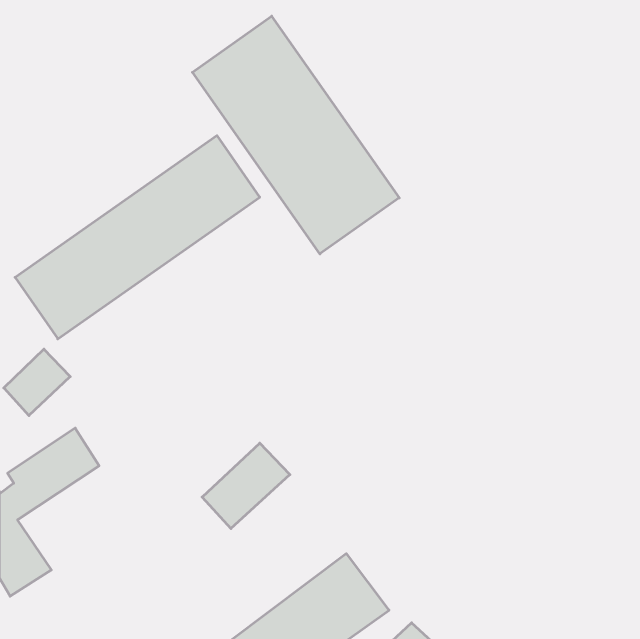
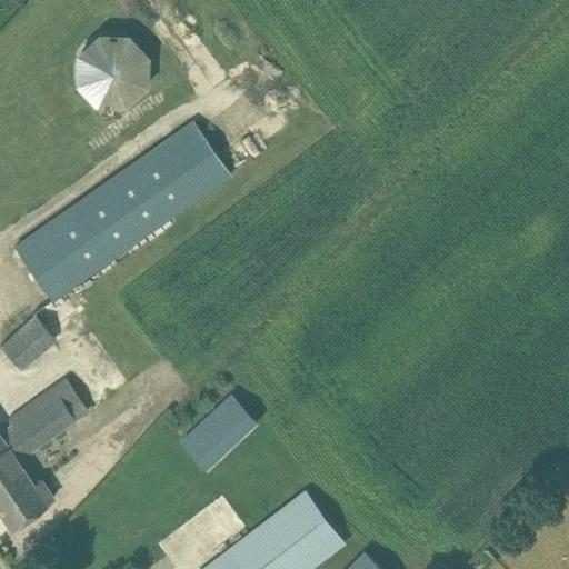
building: [192,16,399,254] -> none
building: none -> [73,34,148,109]

